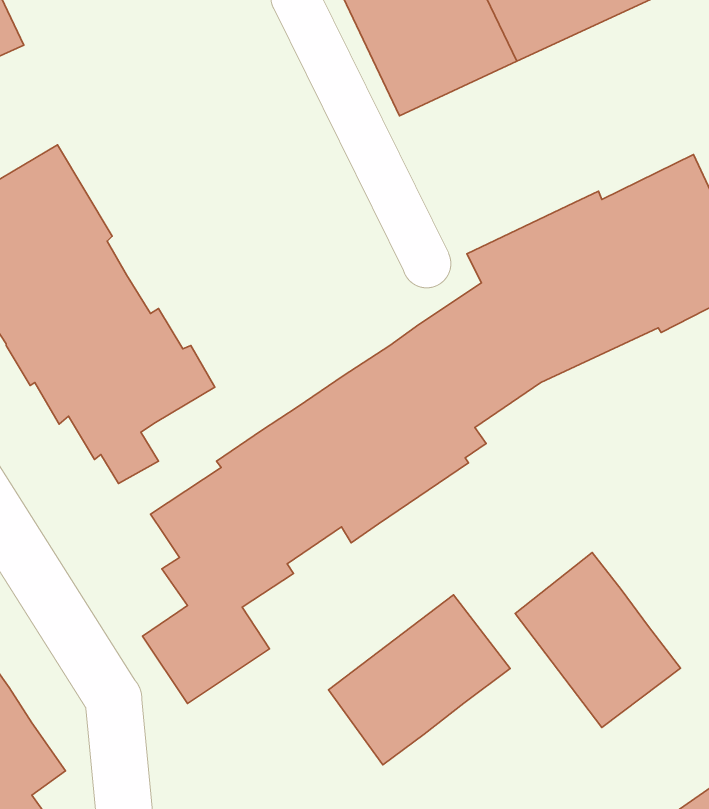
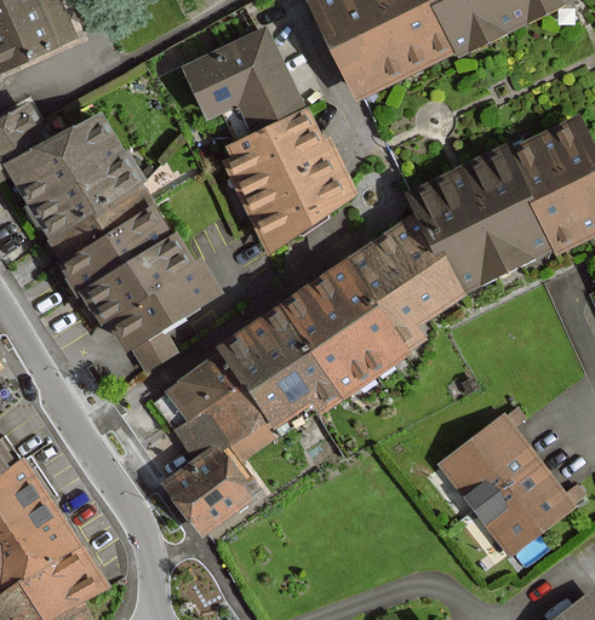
building: none -> [182,29,353,251]
building: [328,595,510,765] -> none

